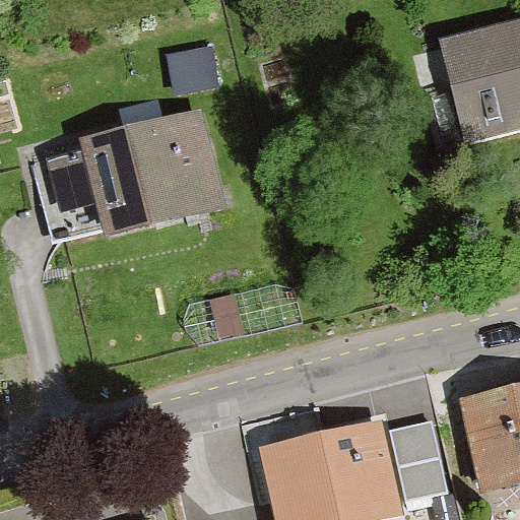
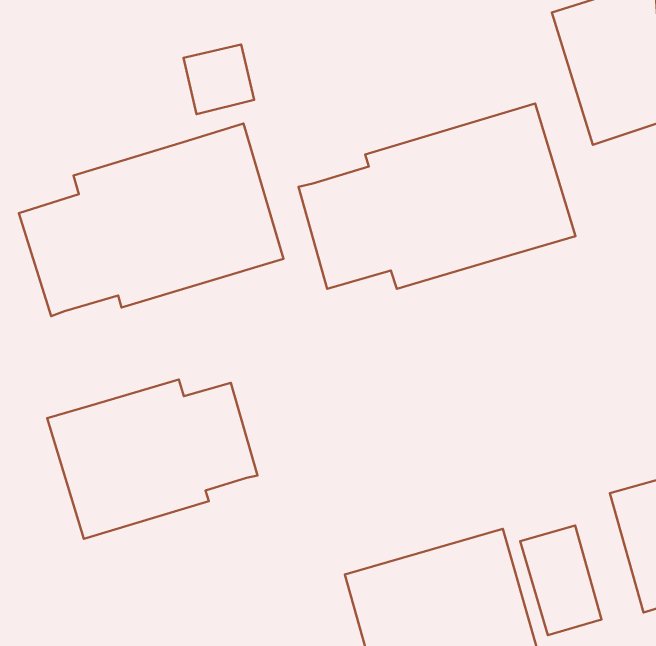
building: none -> [298,104,575,289]
building: none -> [47,380,257,539]

